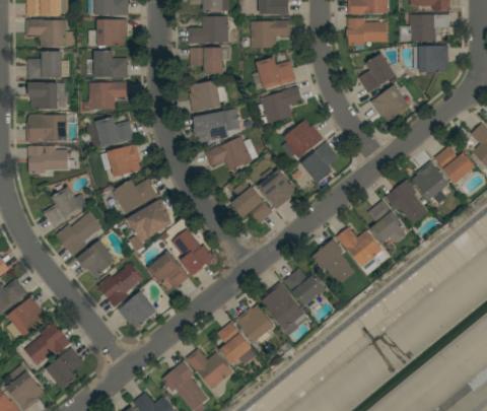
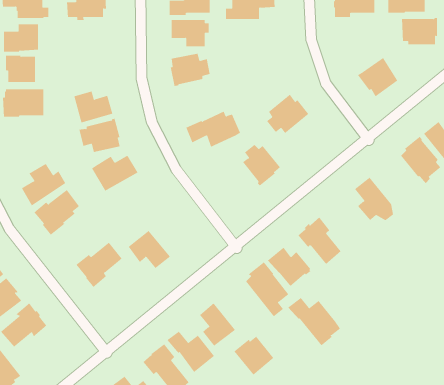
building: [93,51,127,78] -> none
building: [357,54,395,93] -> none
building: [253,57,295,89] -> none
building: [88,82,128,110] -> none
building: [260,86,301,124] -> none
building: [192,109,239,141] -> none
building: [300,142,338,184] -> none
building: [27,146,74,174] -> none
building: [384,180,427,225] -> none
building: [230,181,272,223] -> none
building: [126,199,171,243] -> none
building: [335,227,387,275] -> [287,297,341,346]
building: [170,229,213,276] -> none
building: [76,241,116,278] -> none
building: [117,291,156,329] -> none
building: [234,304,274,343] -> [233,336,274,376]
building: [45,347,83,390] -> none

